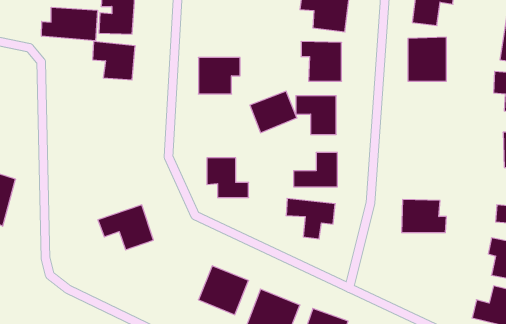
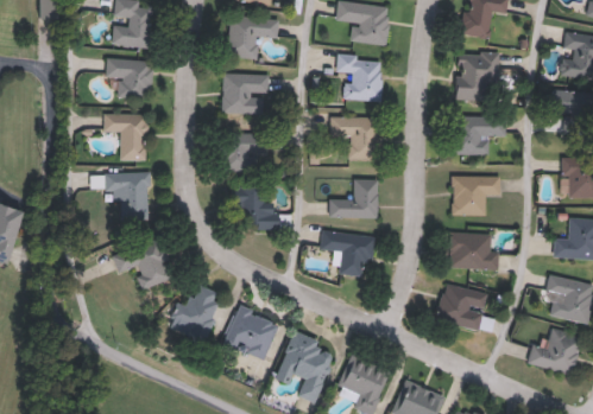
building: none -> [227,18,279,58]
building: [42,7,97,41] -> none
building: [250,91,297,133] -> [214,126,266,172]
building: none -> [103,114,147,161]
building: none -> [453,116,506,155]
building: none -> [106,172,150,219]
building: none -> [452,177,501,216]
building: none -> [435,284,488,329]
building: none -> [168,285,223,342]

